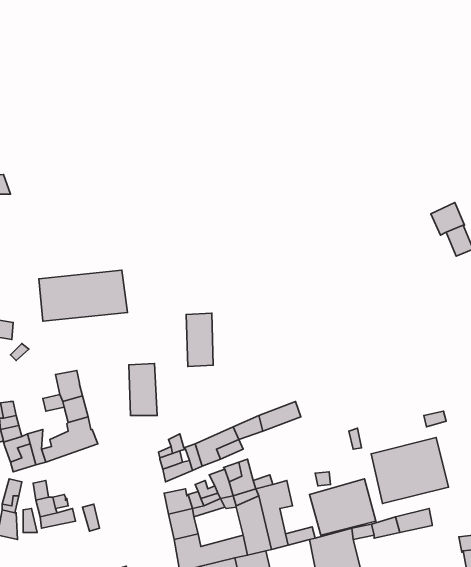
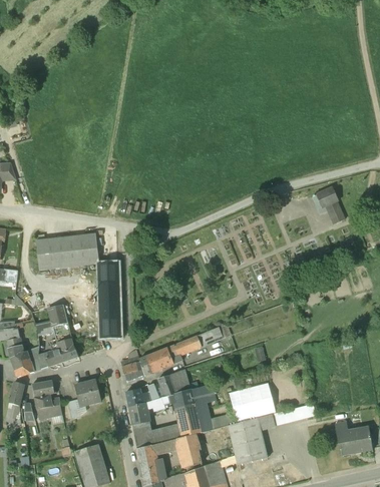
building: [186,313,213,367] -> [99,263,118,301]
building: [371,438,449,504] -> none
building: none -> [74,379,101,408]

